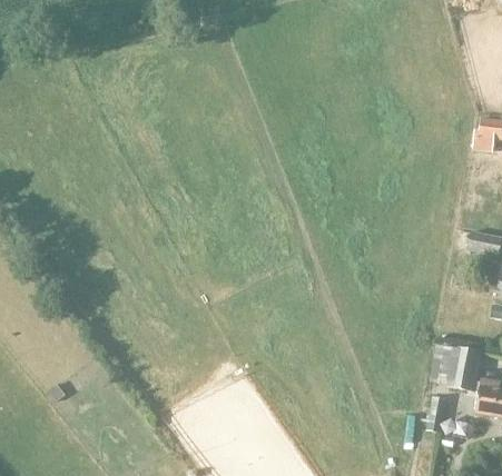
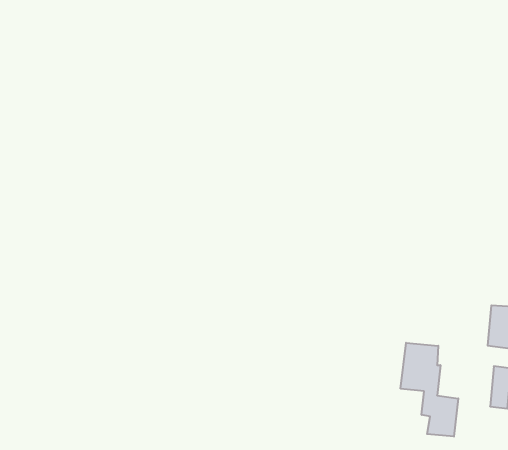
building: none -> [401,343,458,437]

